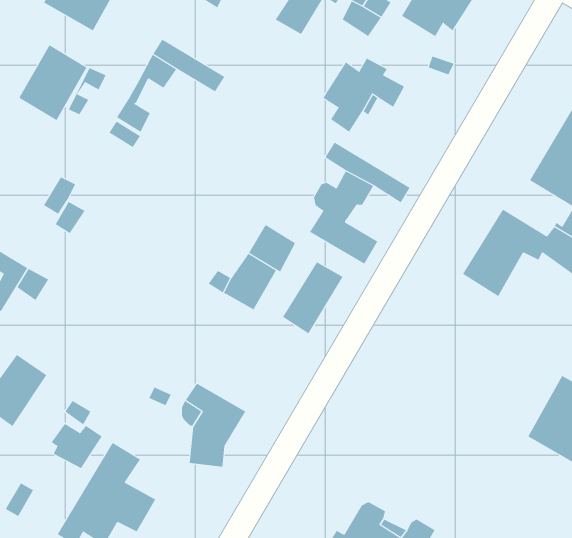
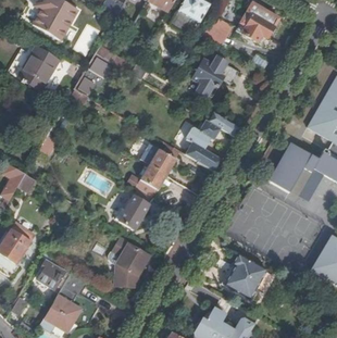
building: [282,261,343,334] -> [118,189,153,230]
building: none -> [223,256,267,302]

